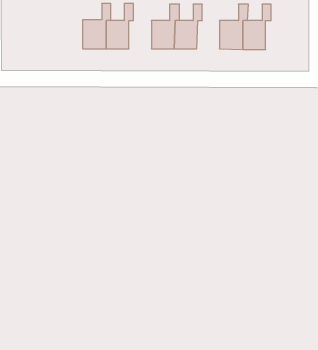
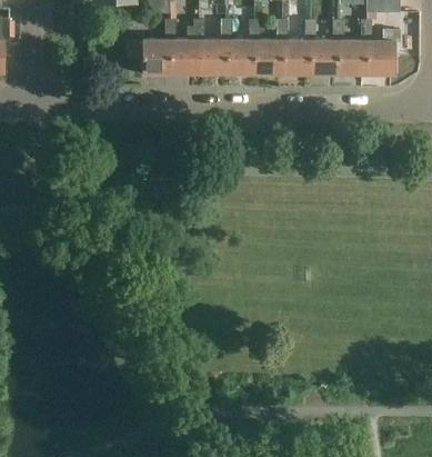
building: none -> [198,19,232,73]
building: none -> [281,19,315,73]
building: none -> [365,19,400,74]

